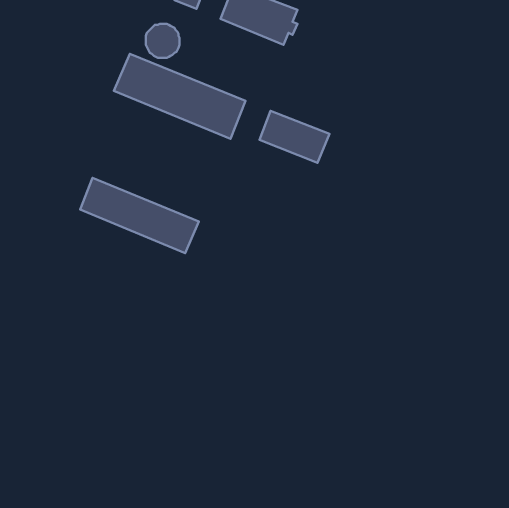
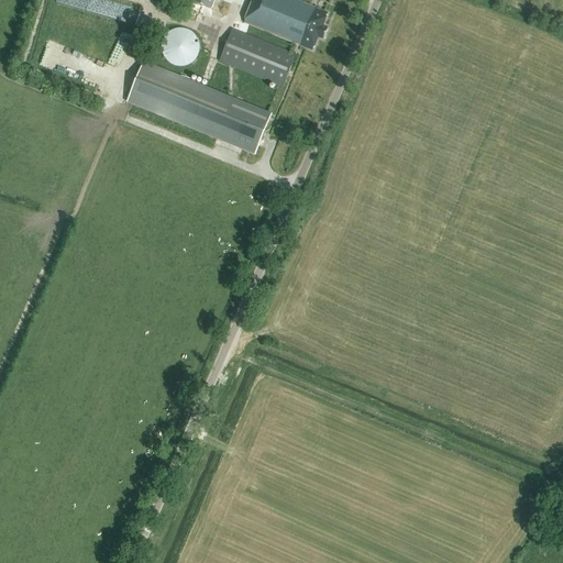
building: [260,111,329,163] -> [219,27,296,85]
building: [80,178,199,253] -> none

